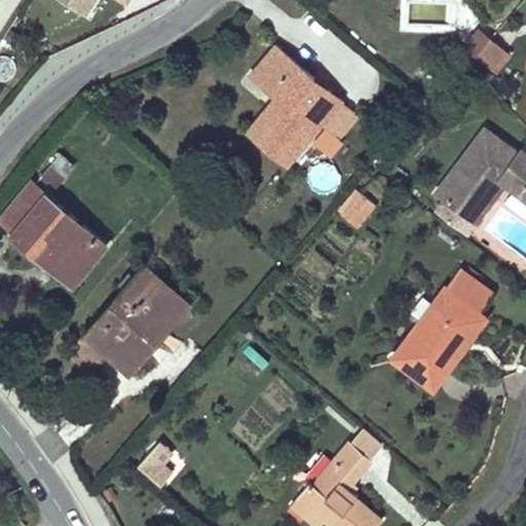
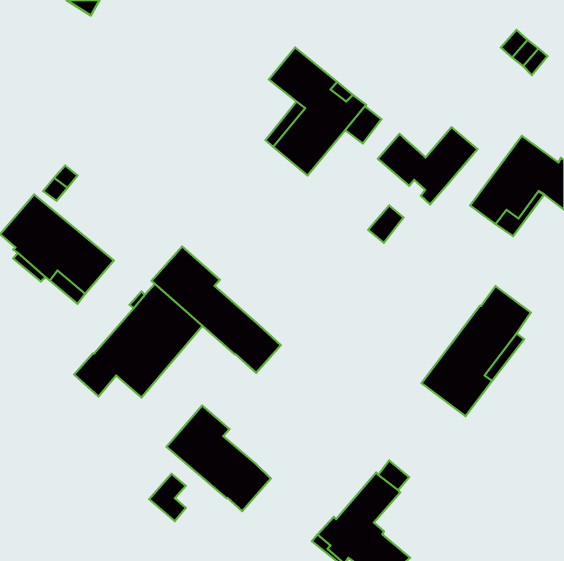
building: none -> [378,127,478,205]
building: none -> [152,247,281,373]
building: none -> [167,406,271,511]

